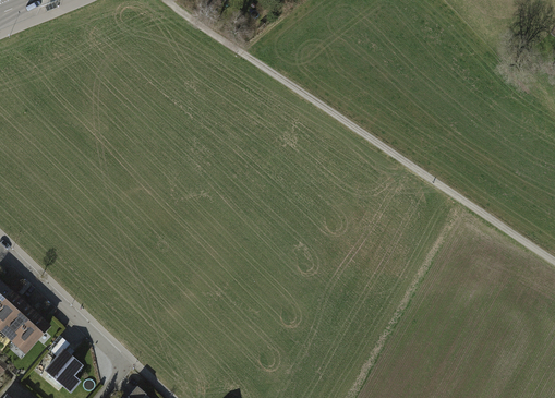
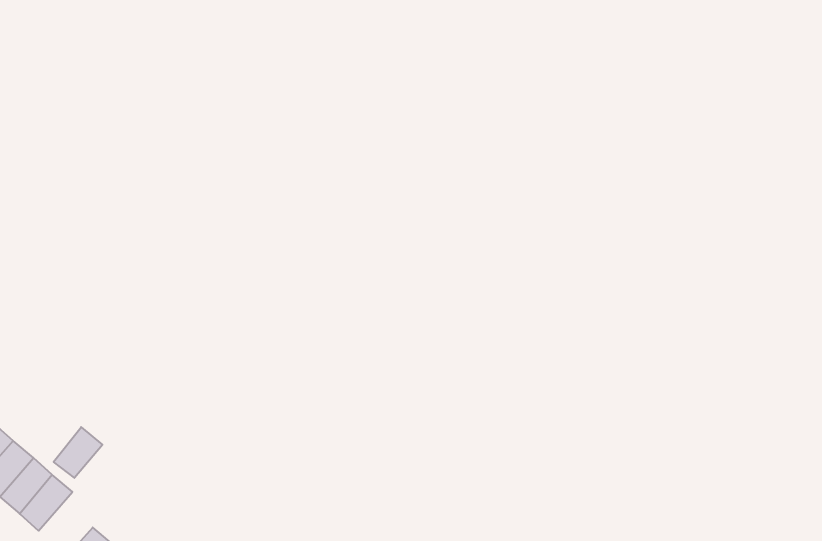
building: none -> [54,427,102,478]

